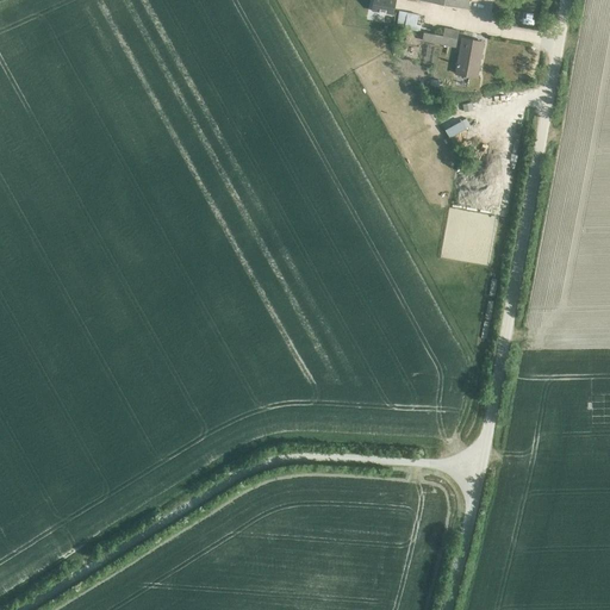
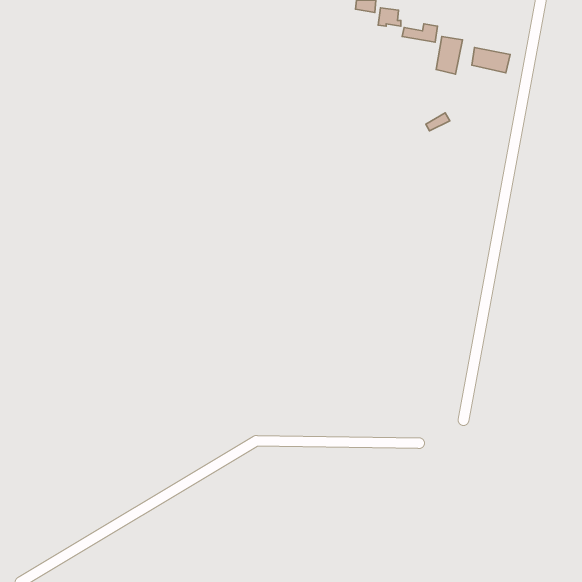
building: none -> [472,47,510,73]

